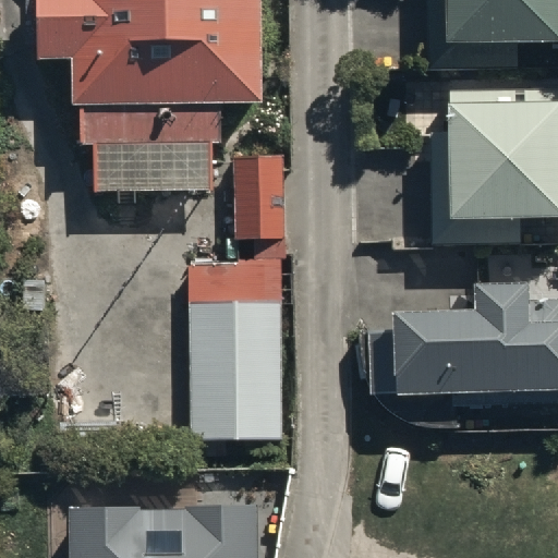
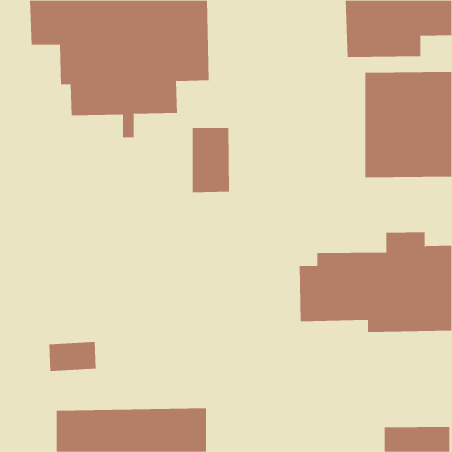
building: [191,302,282,438] -> none

